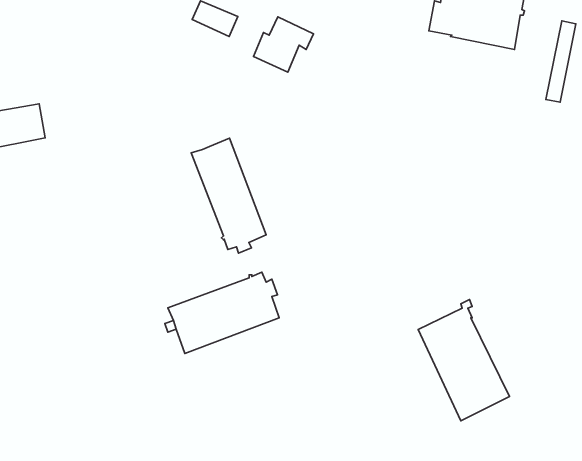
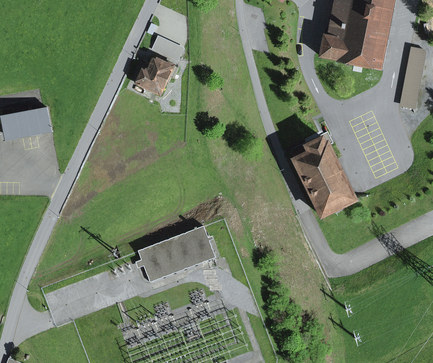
building: [253,17,313,72] -> [136,55,178,94]
building: [191,138,266,253] -> none
building: [418,299,509,421] -> [291,131,355,216]

